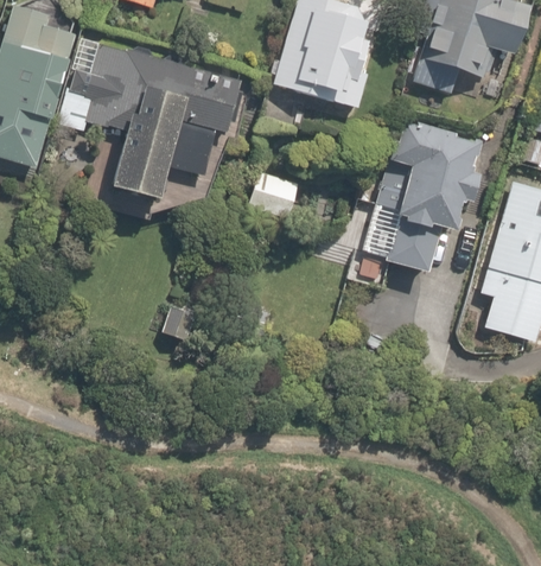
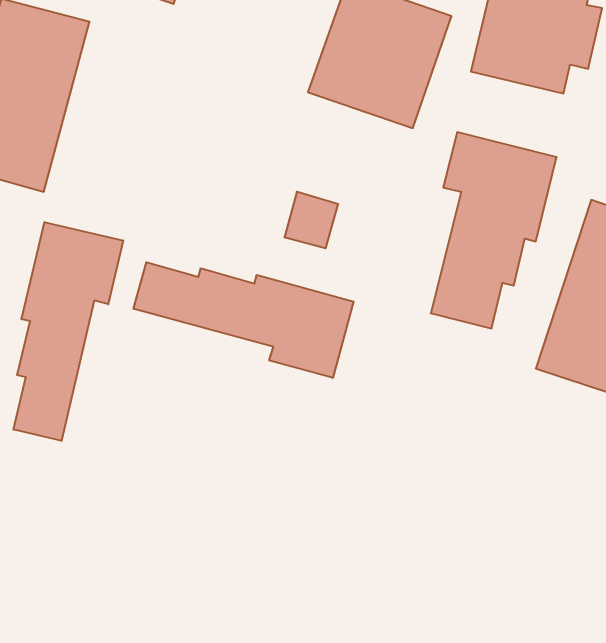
building: [65,36,248,208] -> none
building: none -> [13,222,123,441]
building: none -> [134,262,354,378]

